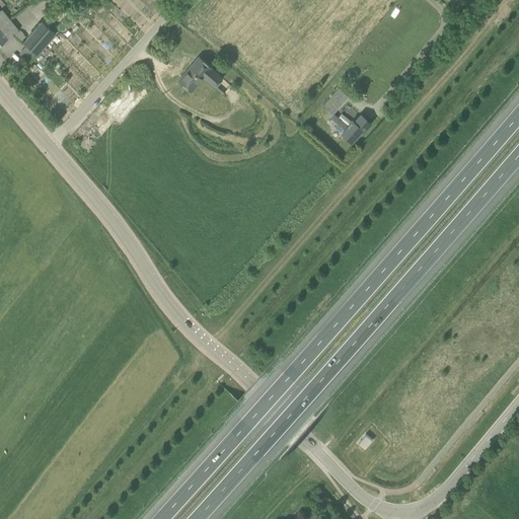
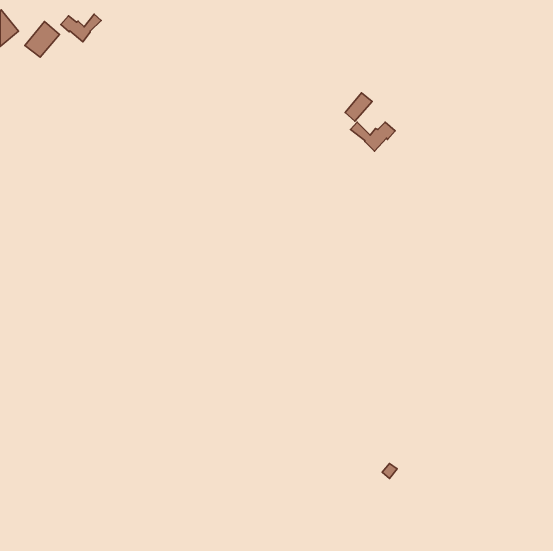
building: none -> [61,14,101,42]
building: [178,58,222,92] -> none

